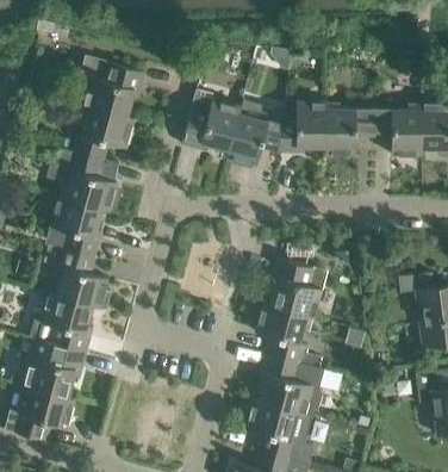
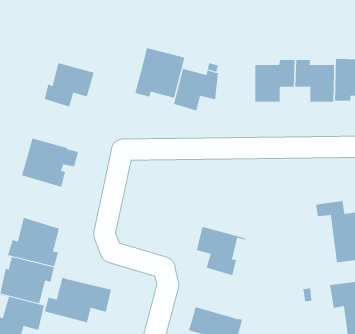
building: [73,56,147,119] -> none
building: [280,101,326,153] -> none
building: [48,147,117,210] -> none
building: [49,248,108,309] -> none
building: [263,259,328,318] -> none
building: [255,354,325,416] -> none
building: none -> [44,277,112,323]

